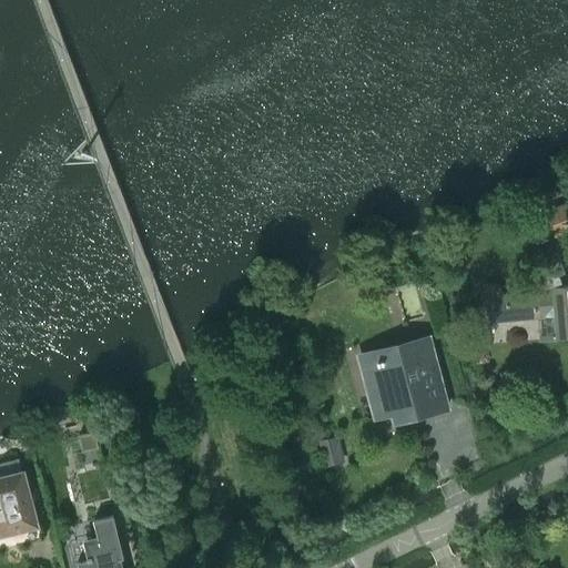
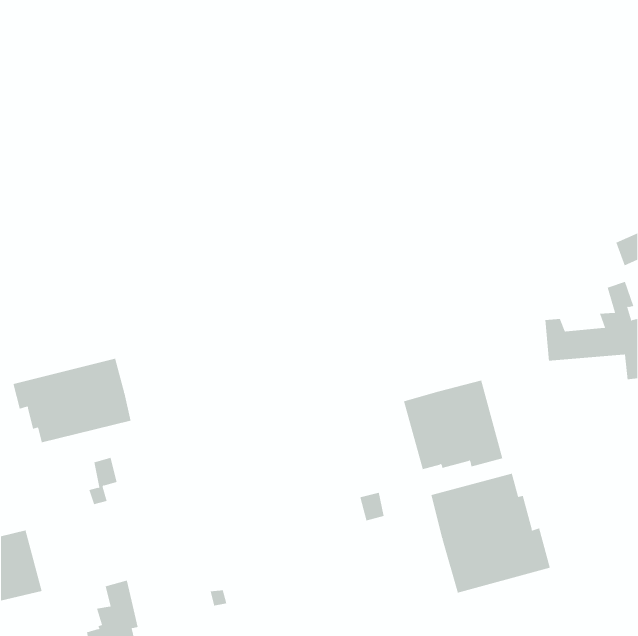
building: none -> [13,358,131,443]
building: none -> [431,473,551,593]

